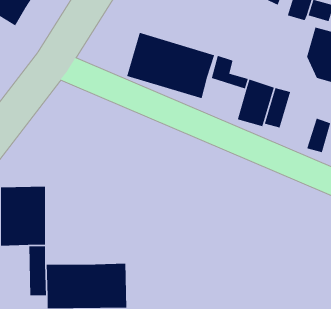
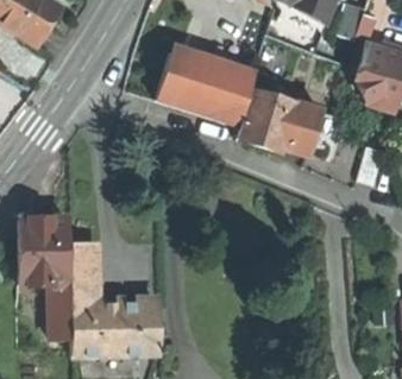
building: none -> [235,102,288,151]
building: none -> [69,244,96,305]

